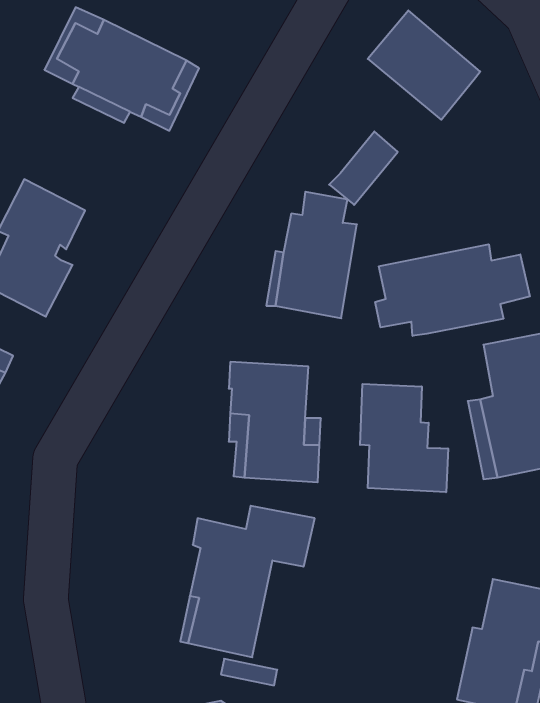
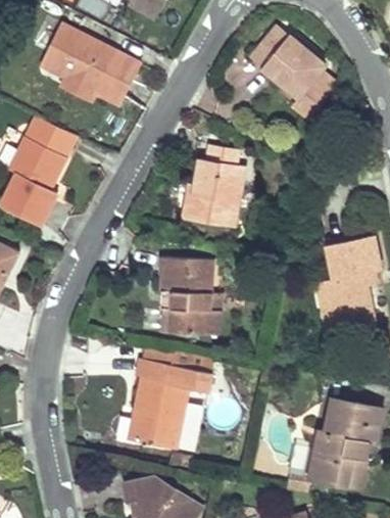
building: [329,131,398,205] -> [292,69,337,117]
building: none -> [27,116,77,156]
building: [375,244,530,336] -> none
building: [360,384,448,492] -> none

